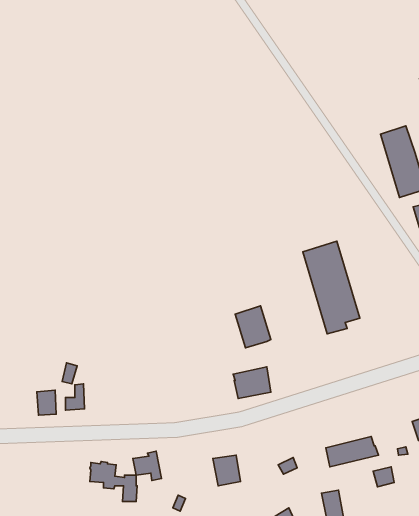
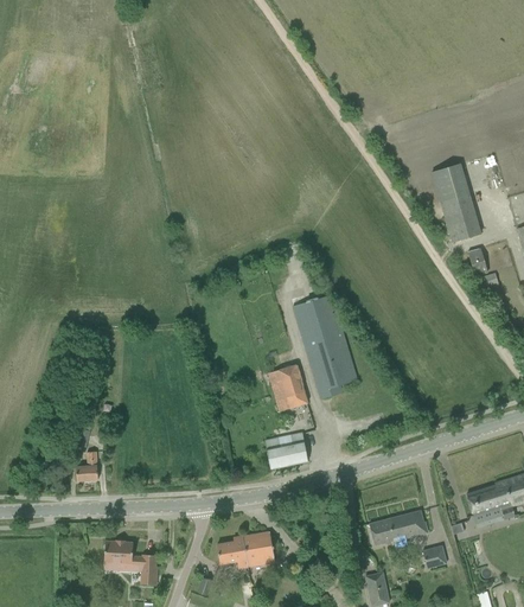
building: [303,241,360,334] -> [293,294,357,398]
building: [37,390,56,415] -> none
building: [133,451,161,481] -> [216,536,248,569]

